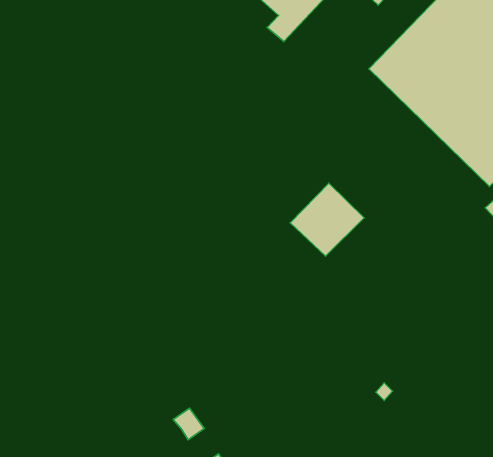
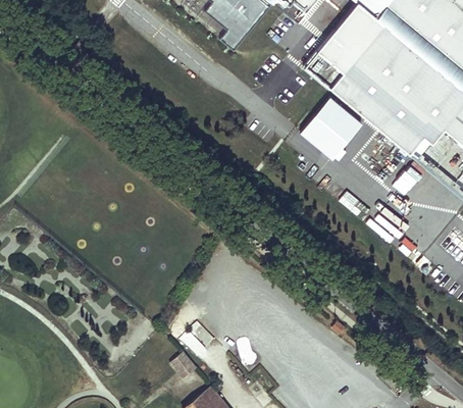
building: [290,183,364,256] -> [302,99,361,158]

